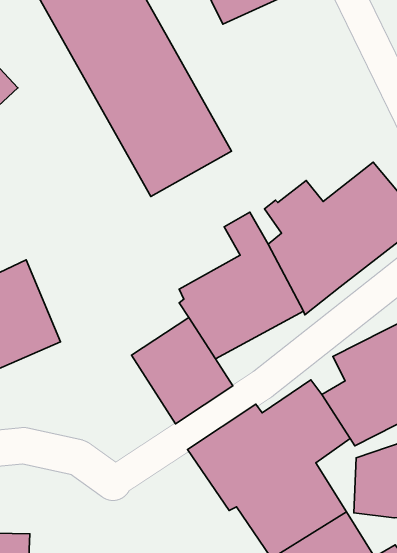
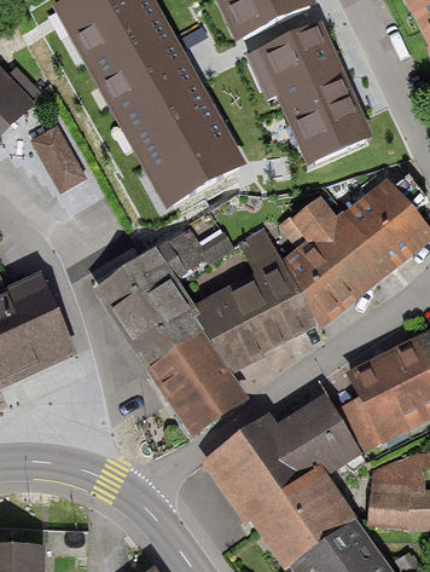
building: none -> [248,22,371,163]
building: none -> [33,123,88,191]
building: none -> [94,212,236,368]

